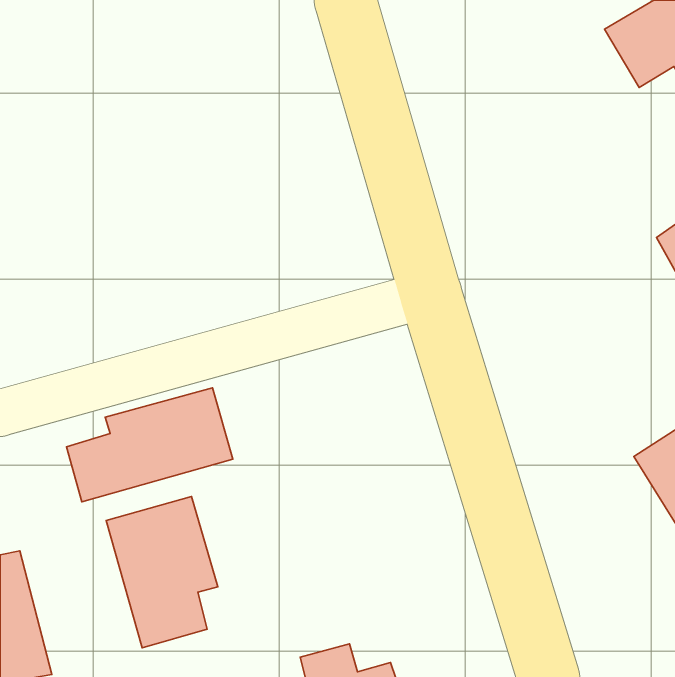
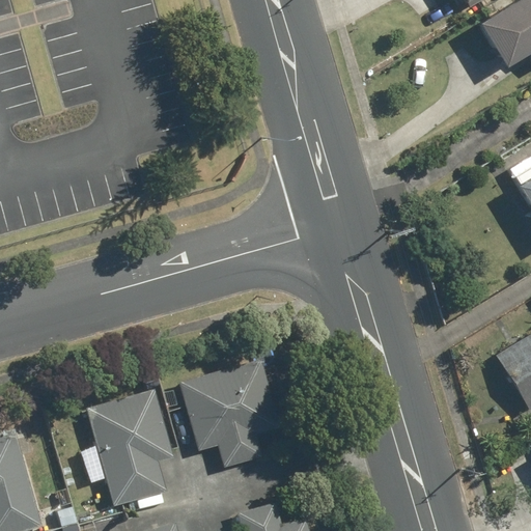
building: [67,388,233,502] -> none
building: none -> [179,359,282,468]

